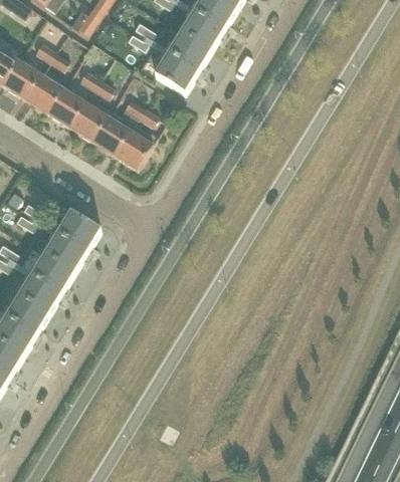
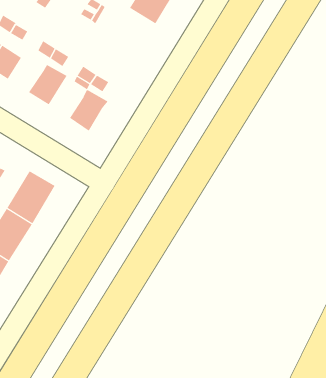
building: [154,32,208,91] -> none
building: [45,87,83,126] -> none
building: [90,115,128,154] -> none

